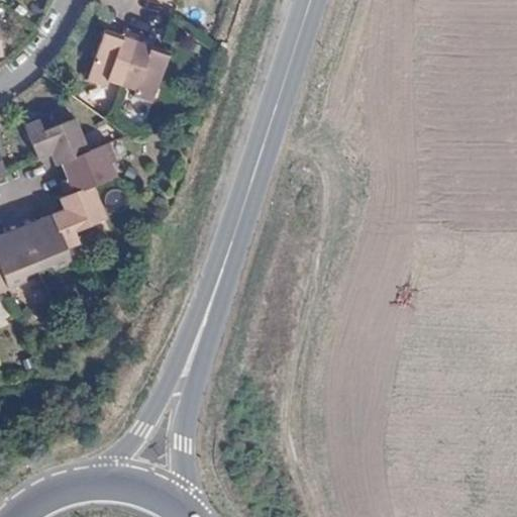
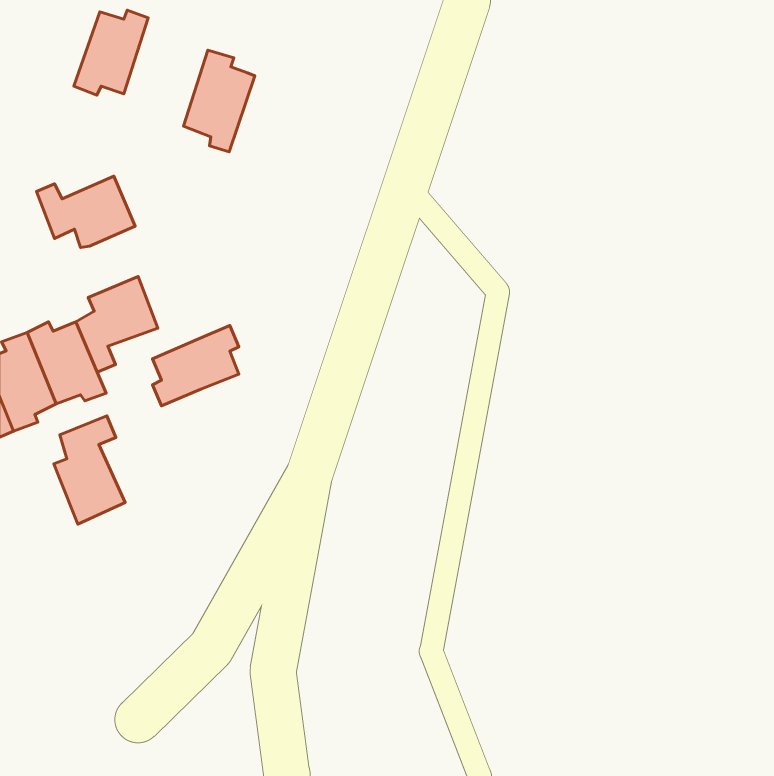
building: [89,28,138,85] -> [74,10,148,95]
building: [60,141,117,195] -> [152,325,239,406]
building: none -> [54,416,125,524]

